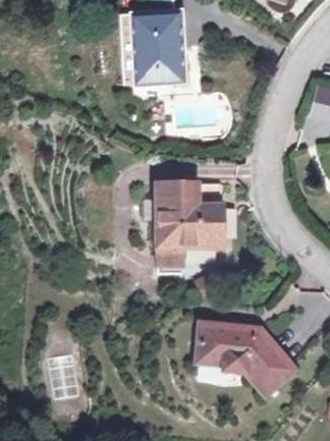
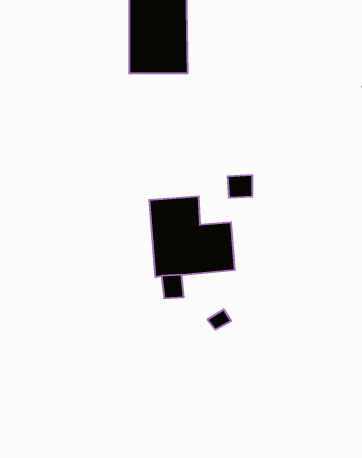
building: [205,321,301,394] -> none

